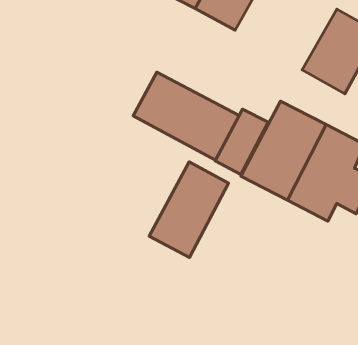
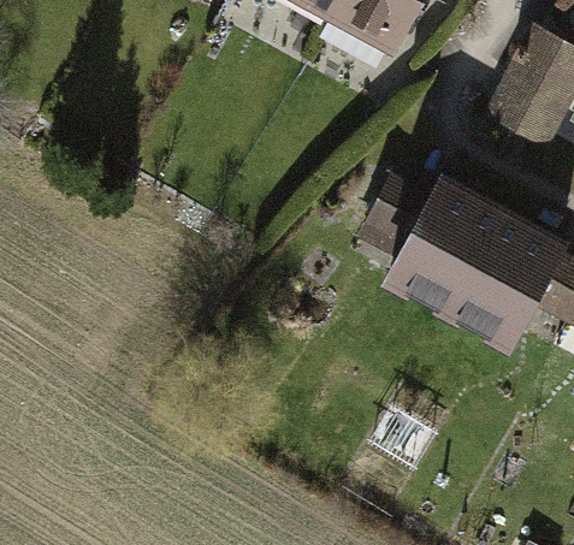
building: [133,72,239,160] -> none
building: [149,162,228,258] -> none

